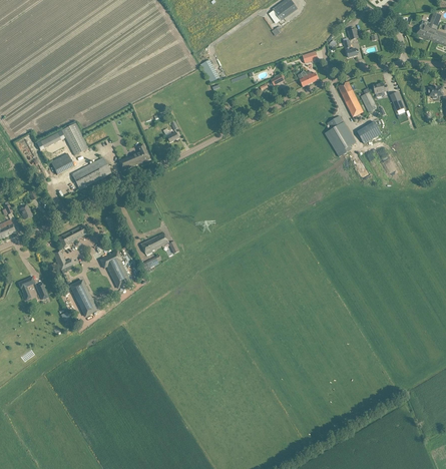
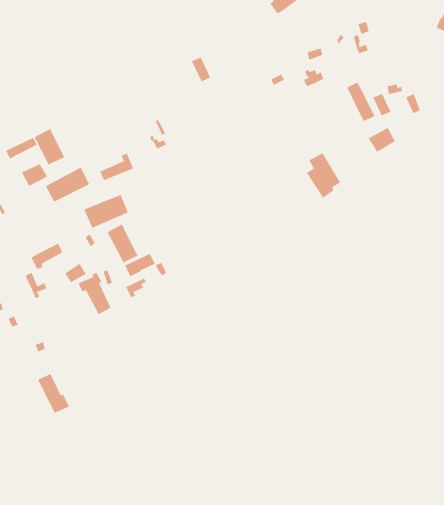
building: [324,115,355,156] -> [306,152,341,199]
building: none -> [83,194,129,229]
building: none -> [106,224,138,263]
building: [69,280,98,316] -> [37,373,70,414]

